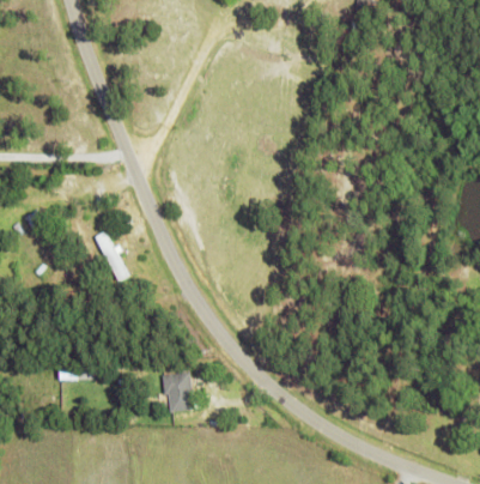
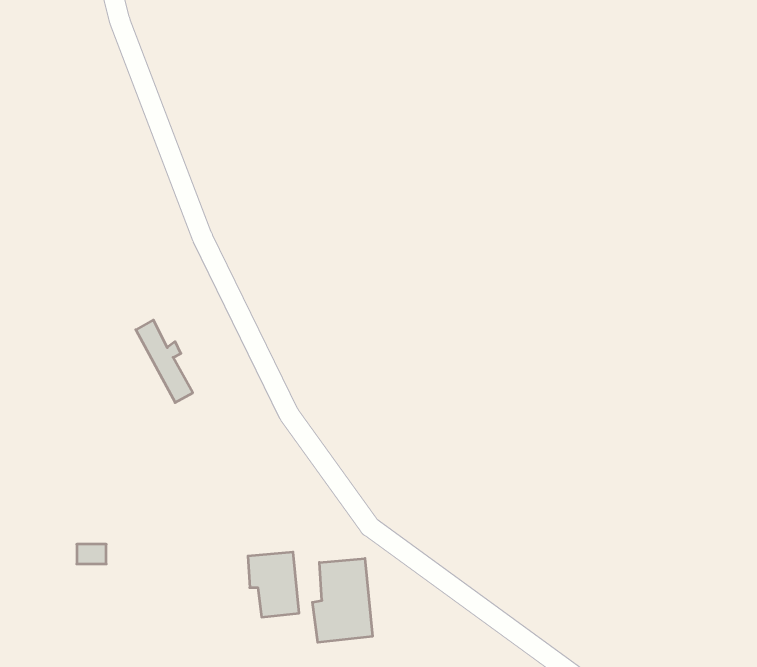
building: none -> [312,558,372,642]

